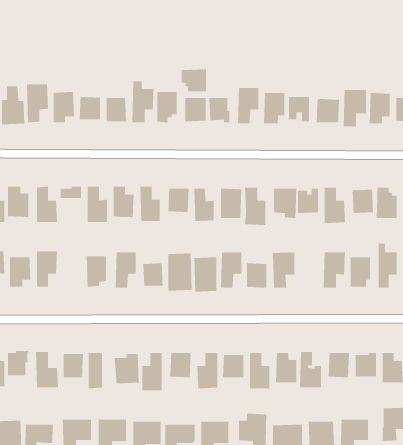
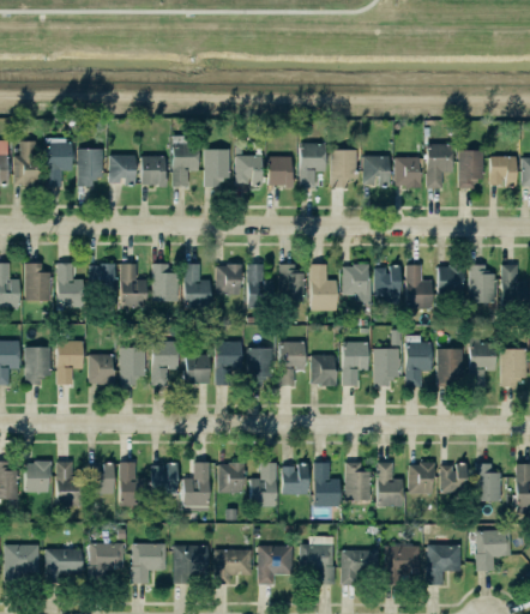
building: [181,68,207,92] -> none
building: none -> [374,349,402,387]
building: none -> [89,354,115,384]

